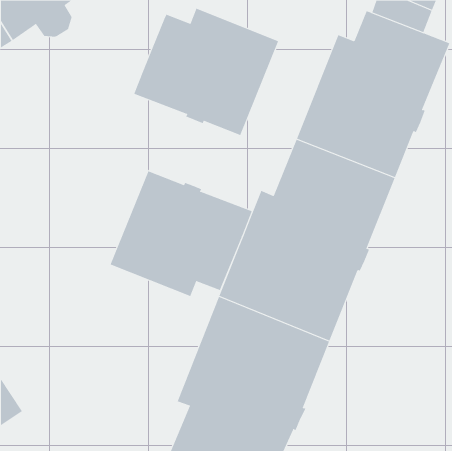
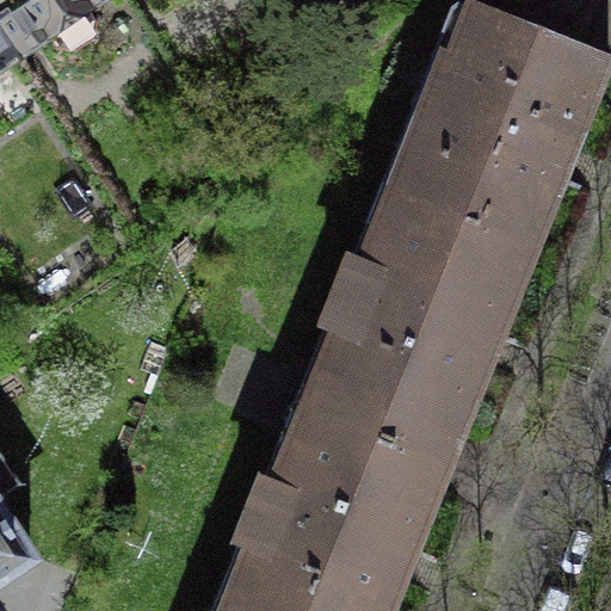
building: [133,8,279,136] -> none
building: [110,170,253,297] -> none

